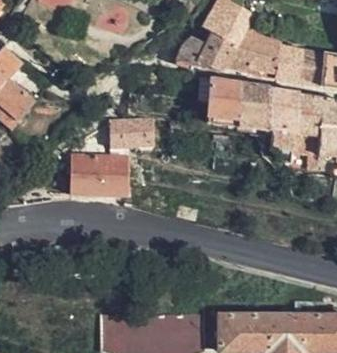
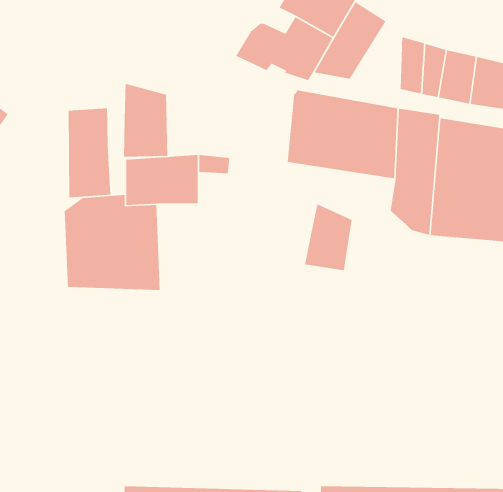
building: [243,34,275,75] -> none
building: none -> [123,83,168,157]
building: none -> [68,107,111,198]
building: none -> [304,203,353,271]

